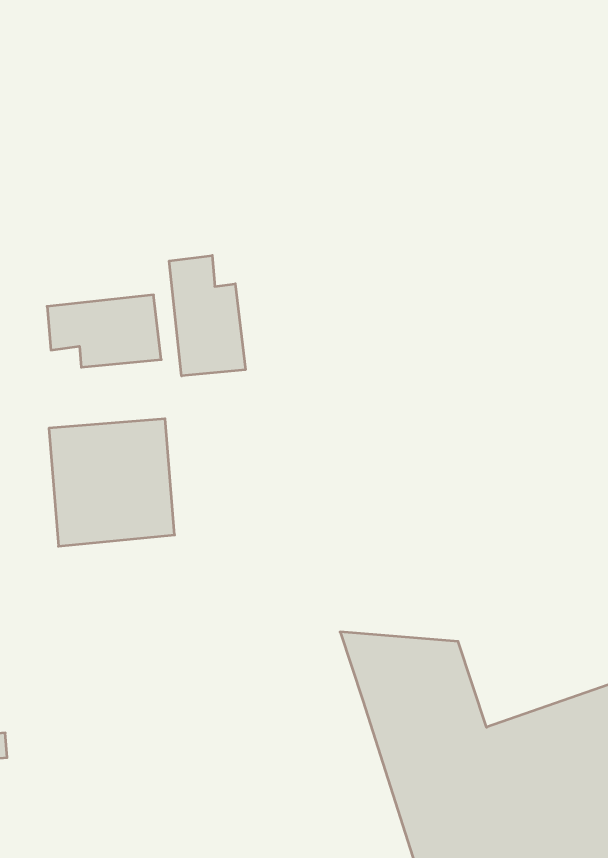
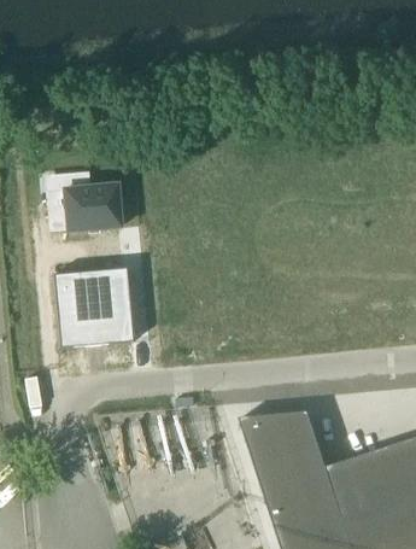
building: [169,255,245,376] -> none

